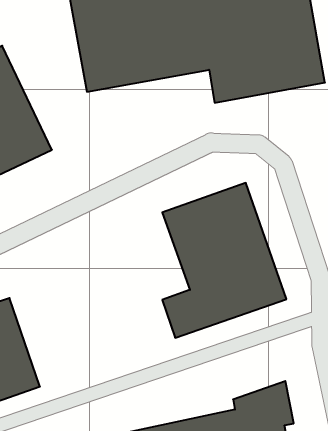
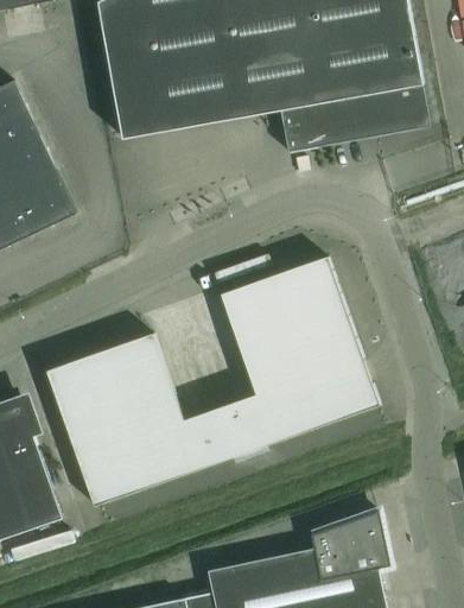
building: none -> [45,332,236,507]

